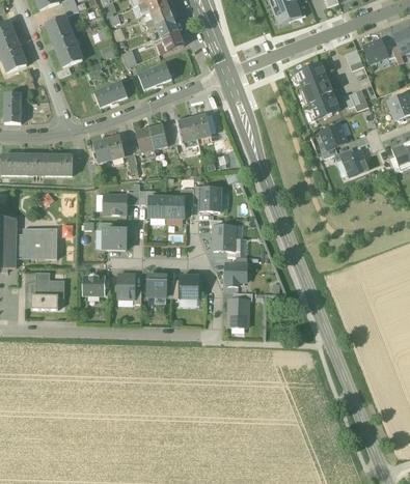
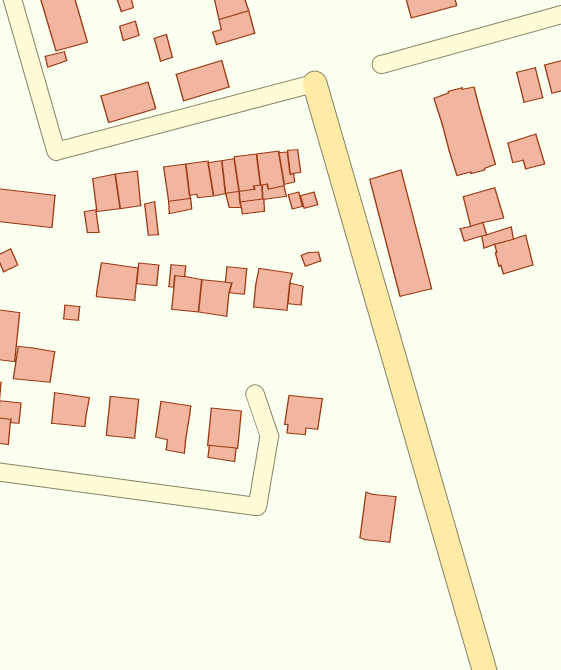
building: none -> [370,170,432,297]
building: [213,224,235,250] -> none
building: [103,228,127,248] -> [13,347,55,382]
building: [228,297,248,326] -> [360,492,396,542]

